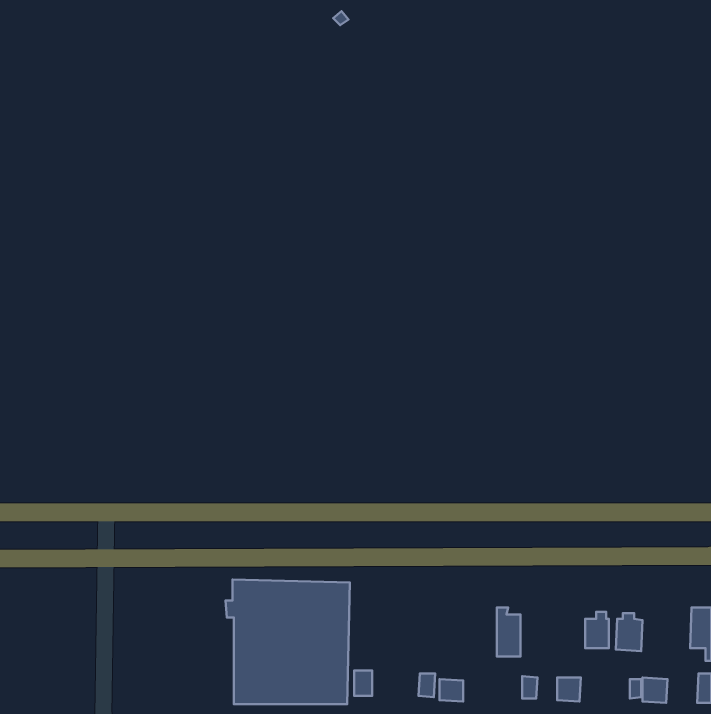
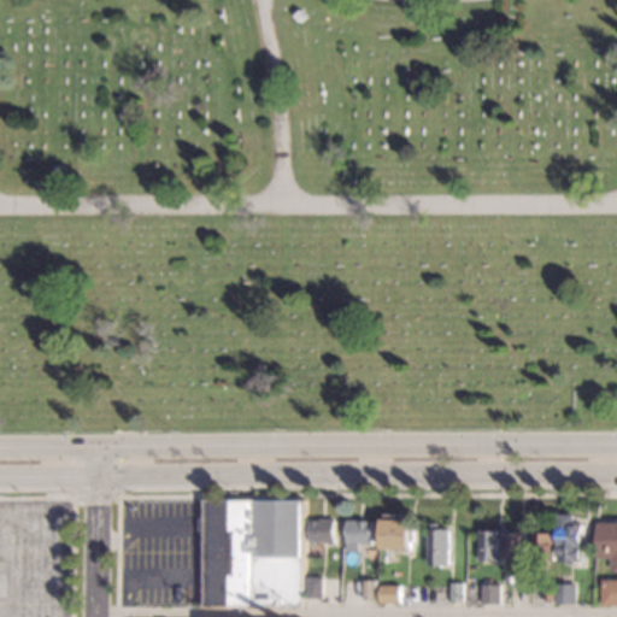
building: none -> [380,513,411,554]
building: none -> [556,515,583,565]
building: none -> [305,518,330,545]
building: none -> [342,518,369,553]
building: none -> [477,529,500,560]

